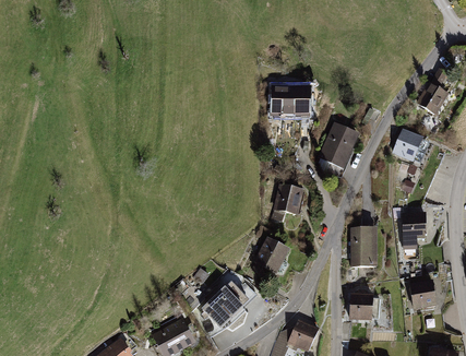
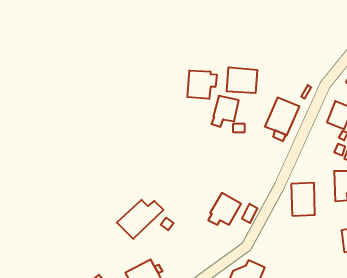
building: none -> [187,70,217,99]
building: [271,185,303,222] -> [211,96,239,127]
building: [201,280,256,327] -> [117,200,163,239]
building: [350,292,381,319] -> none

